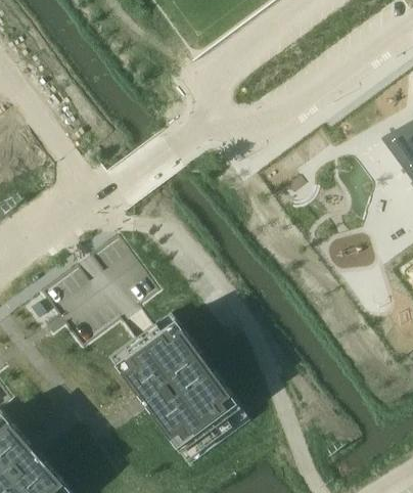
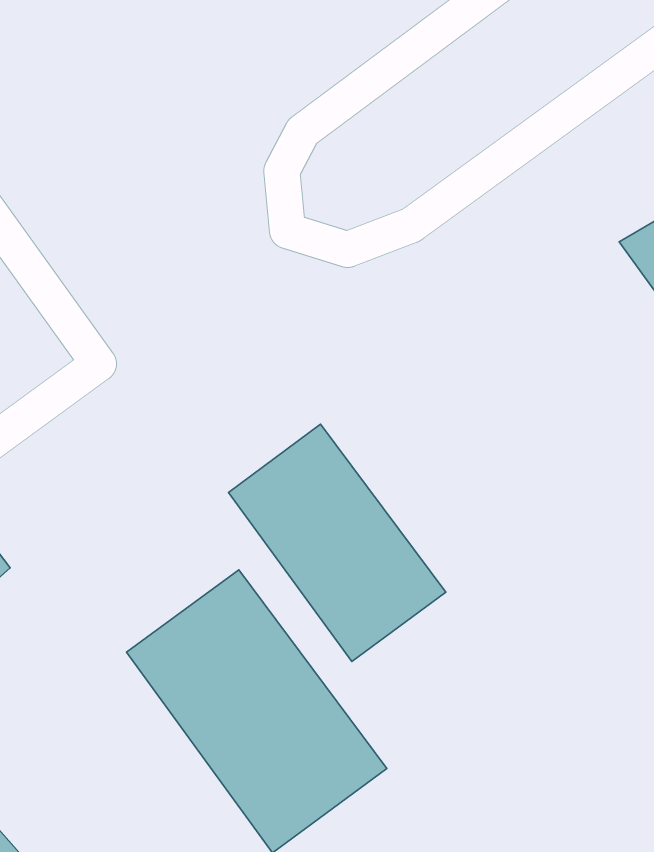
building: none -> [229,424,446,662]

